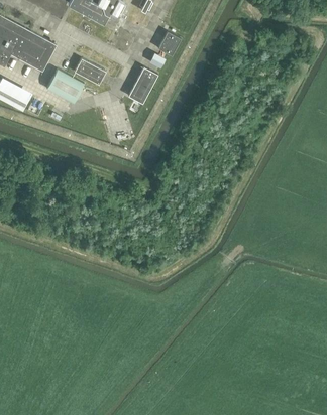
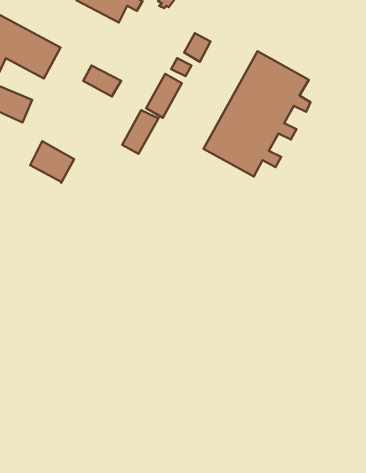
building: none -> [203,51,311,177]
building: [47,70,85,105] -> [30,141,74,183]
building: none -> [122,110,159,154]

